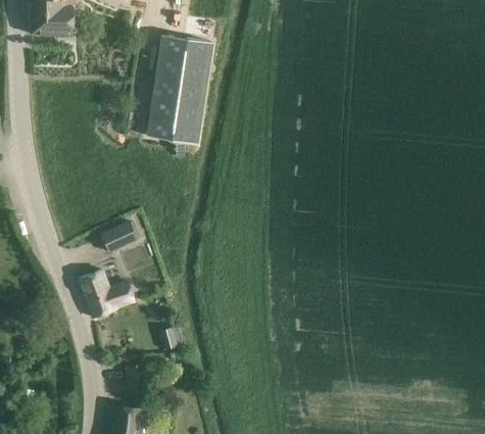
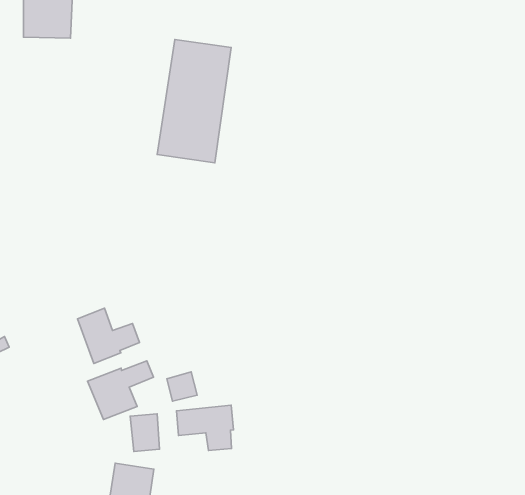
building: [103,223,136,251] -> none
building: none -> [87,361,153,420]
building: none -> [176,405,233,451]

